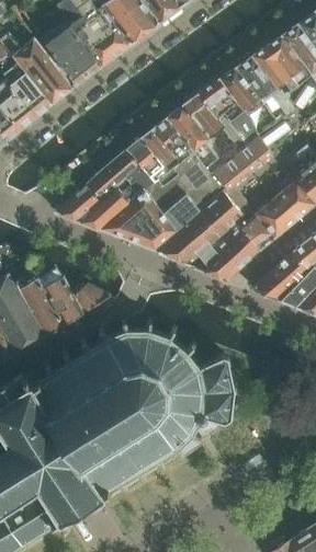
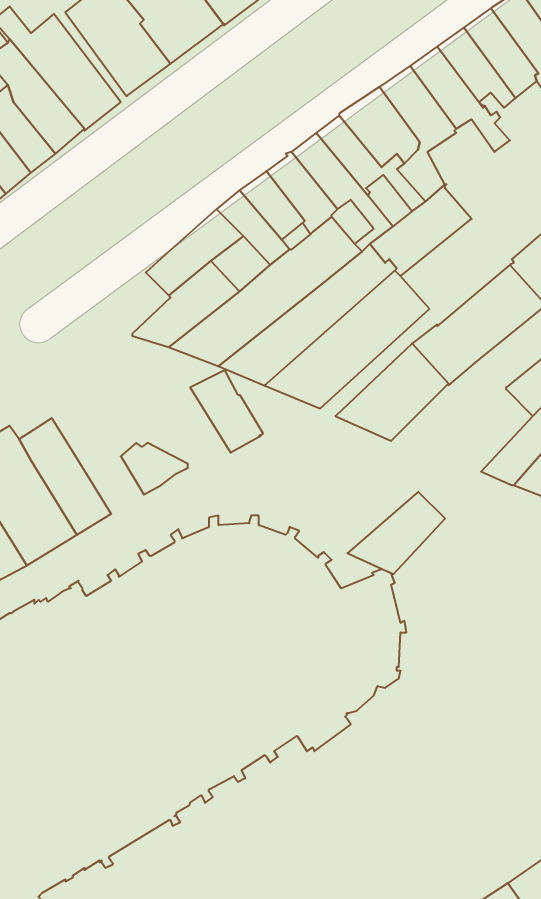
building: [58,186,100,222] -> none
building: [251,253,307,300] -> [347,492,445,574]
building: [43,277,84,324] -> [190,370,263,453]

